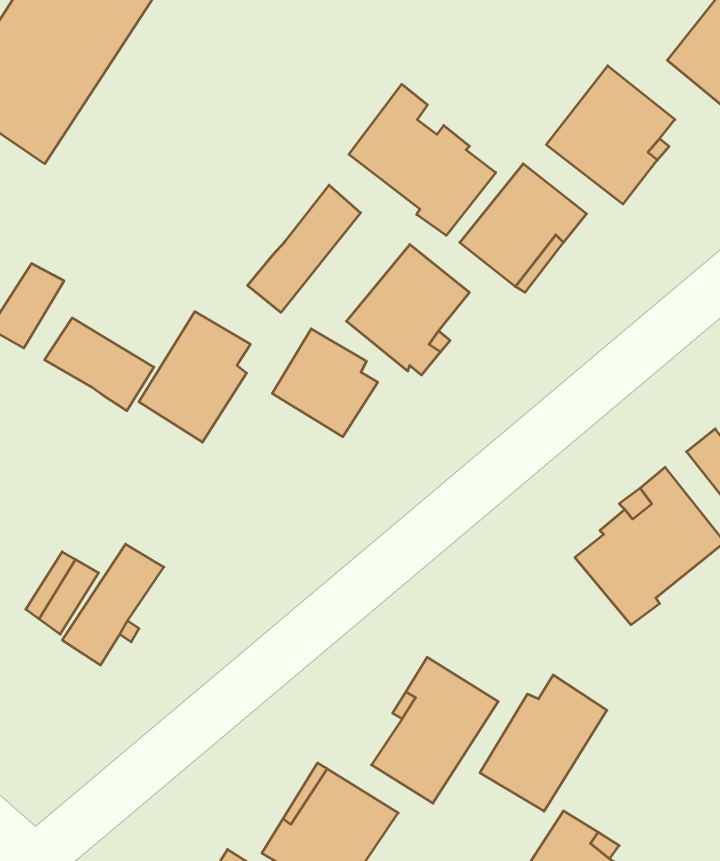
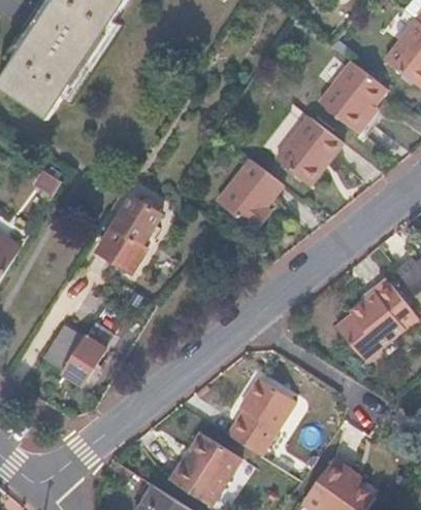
building: [349,84,496,235] -> none
building: [248,185,361,312] -> none
building: [45,318,154,411] -> none
building: [272,329,378,437] -> none
building: [480,675,607,811] -> none

